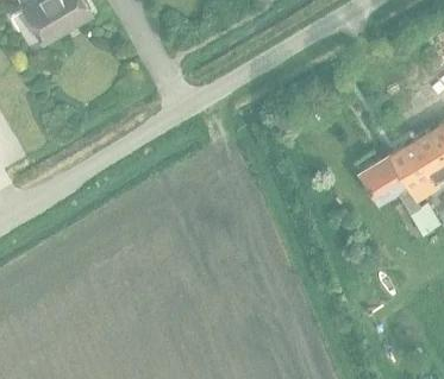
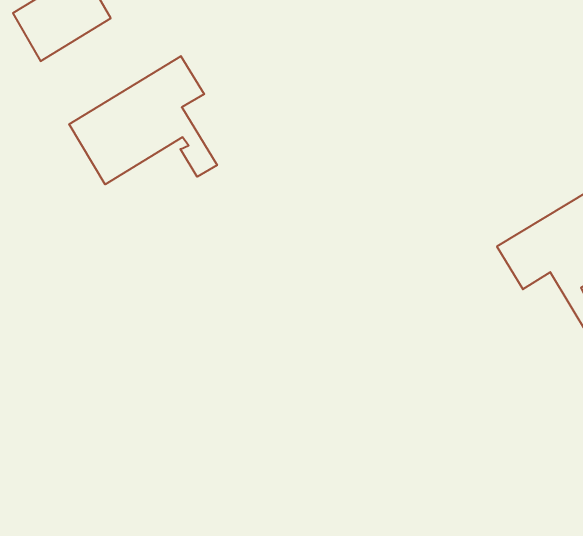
building: none -> [69,56,217,184]

